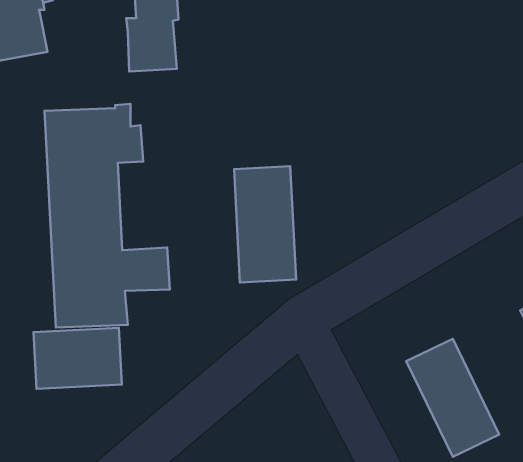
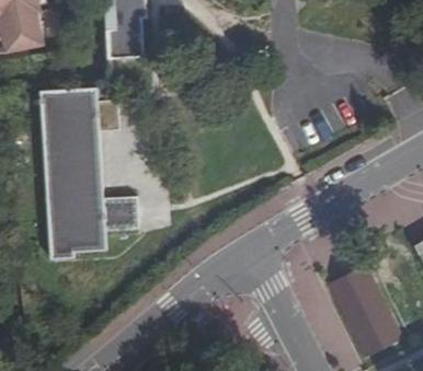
building: [234,166,296,282] -> none
building: [33,328,122,389] -> none

